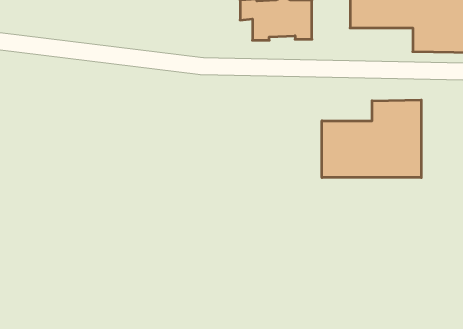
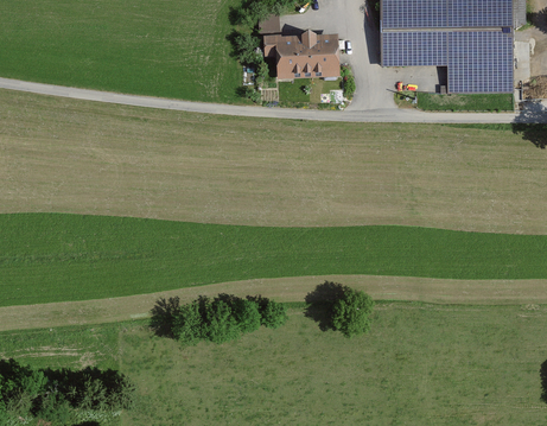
building: [322,100,421,178] -> none

